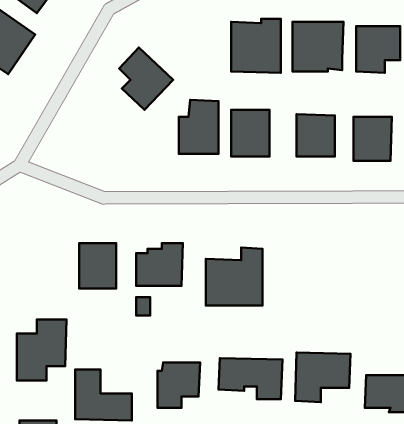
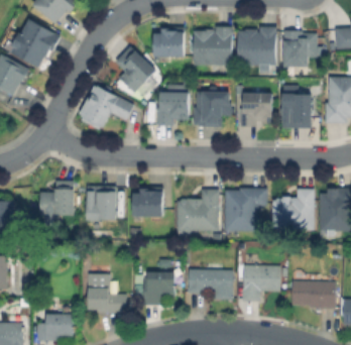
building: none -> [157,28,184,55]
building: none -> [80,87,132,130]
building: none -> [226,189,267,231]
building: none -> [274,189,315,228]
building: [17,319,67,380] -> [39,181,75,224]

